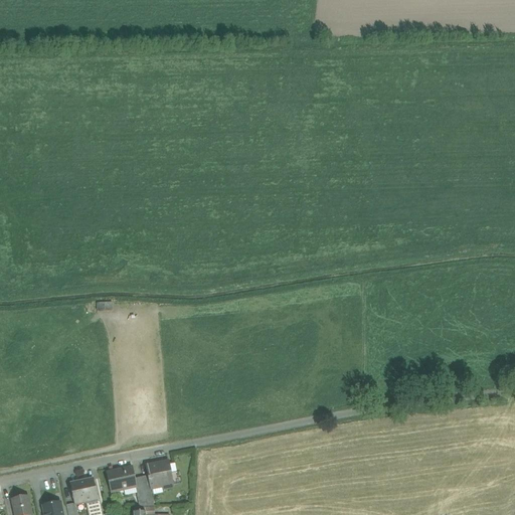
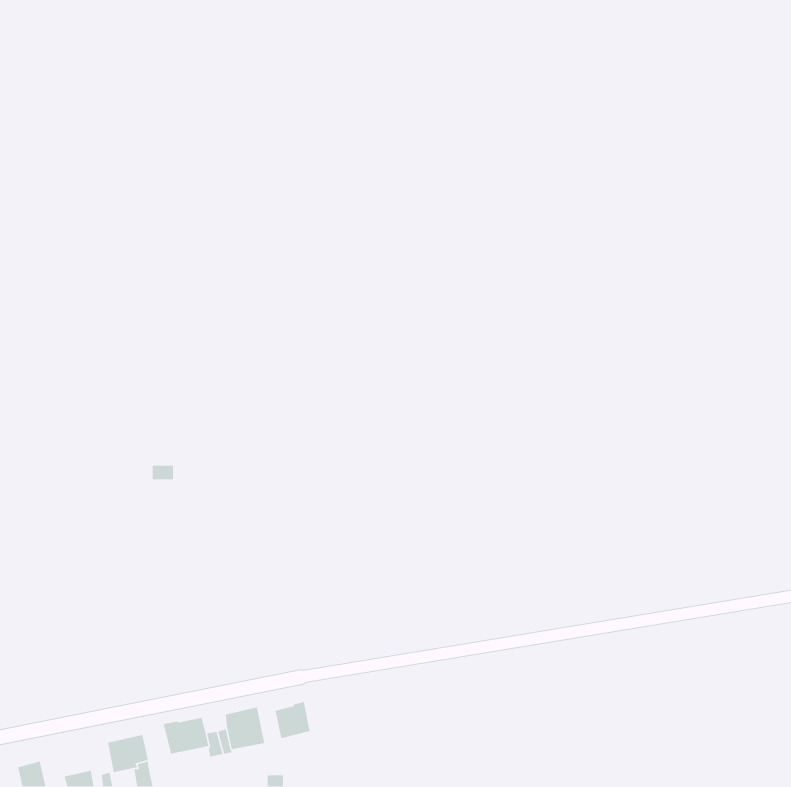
building: none -> [274,701,311,739]

